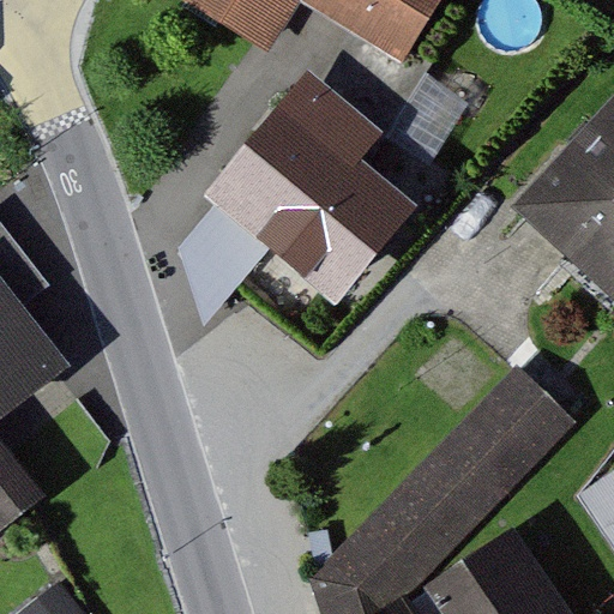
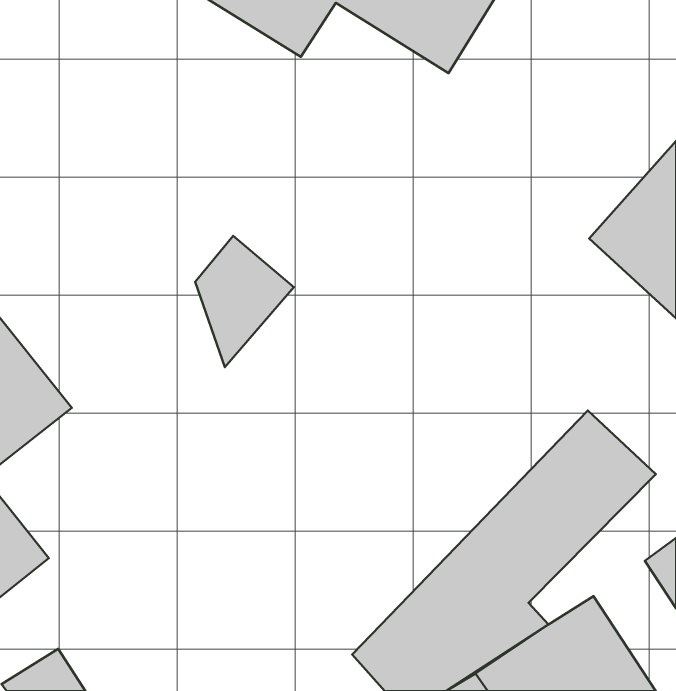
building: [212,79,427,312] -> none

